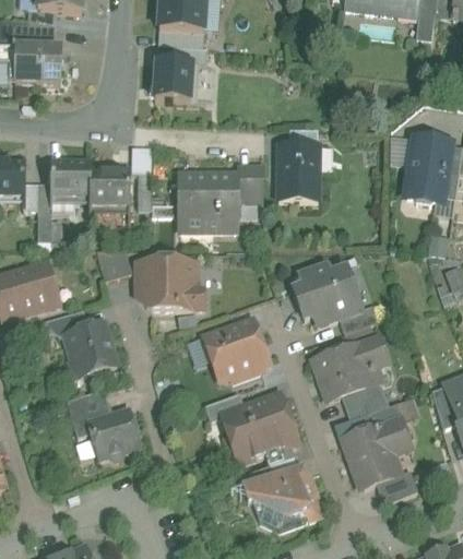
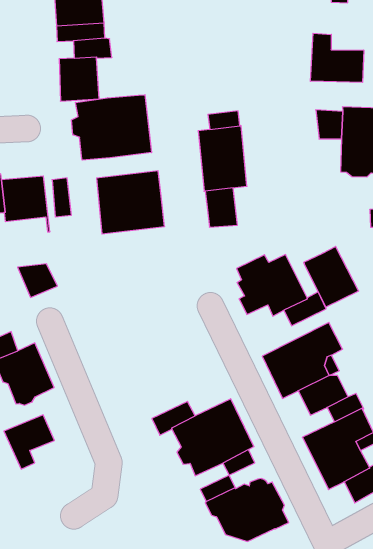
building: none -> [310,33,364,82]
building: none -> [71,95,152,160]
building: [237,166,263,201] -> [205,188,237,227]
building: [138,263,204,310] -> none
building: none -> [304,246,359,307]
building: [203,319,269,382] -> none
building: [87,409,140,460] -> none

